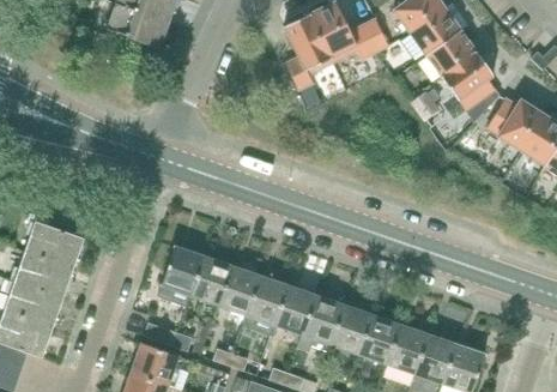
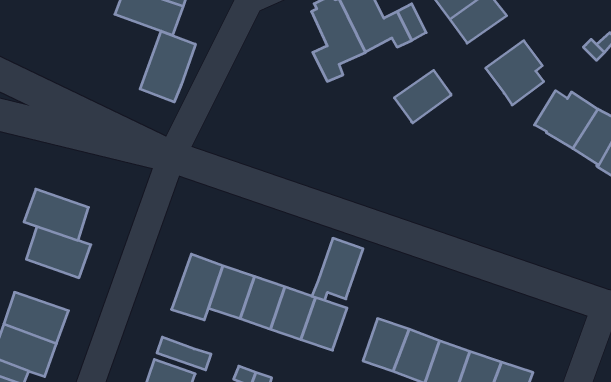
building: [425,29,477,77] -> [394,70,451,123]
building: none -> [140,31,195,102]
building: [14,251,73,297] -> [24,189,89,240]
building: [297,295,344,351] -> [312,238,363,300]

